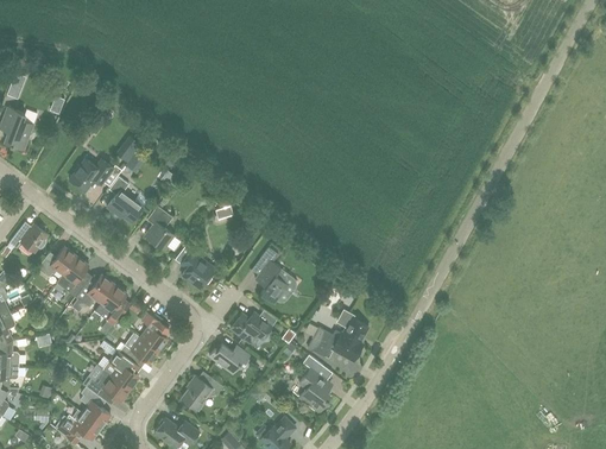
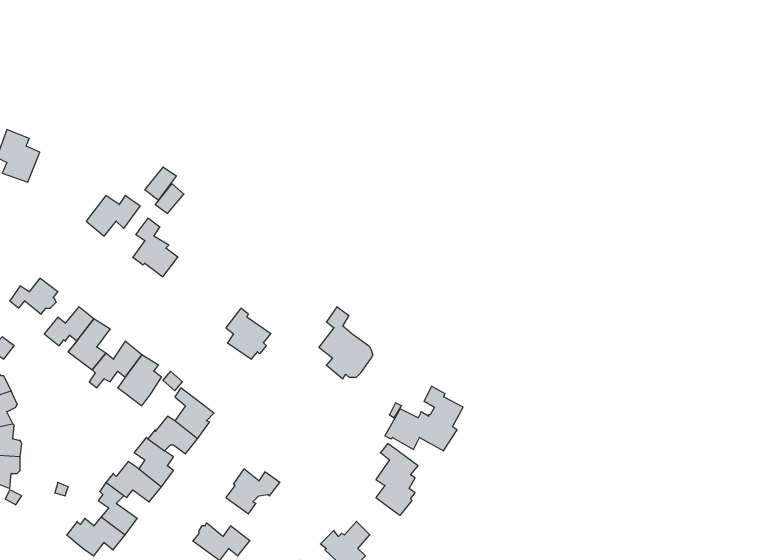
building: [144,205,173,251] -> none
building: [229,310,276,342] -> none
building: [208,344,248,374] -> none

